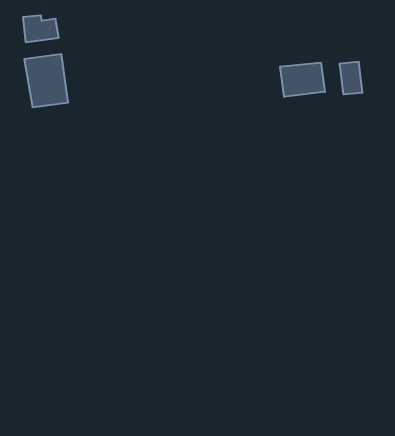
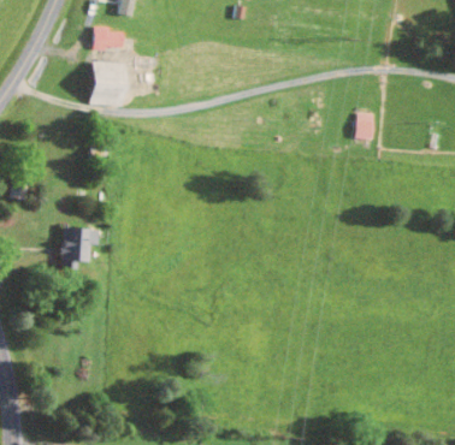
building: [280,63,325,97] -> none
building: none -> [63,227,99,268]

